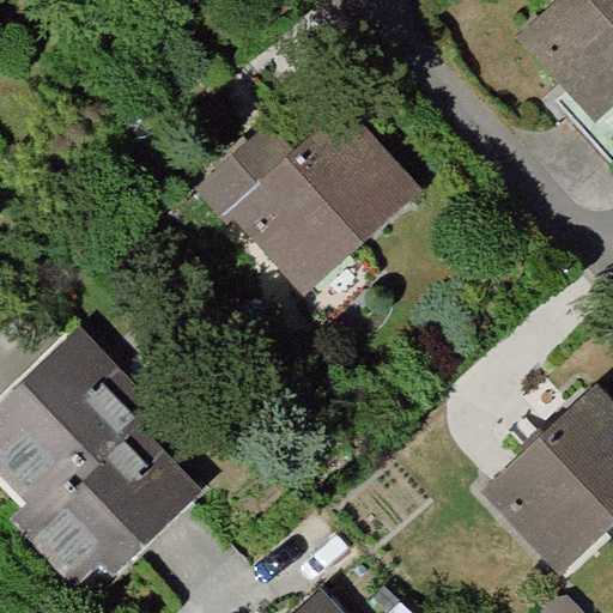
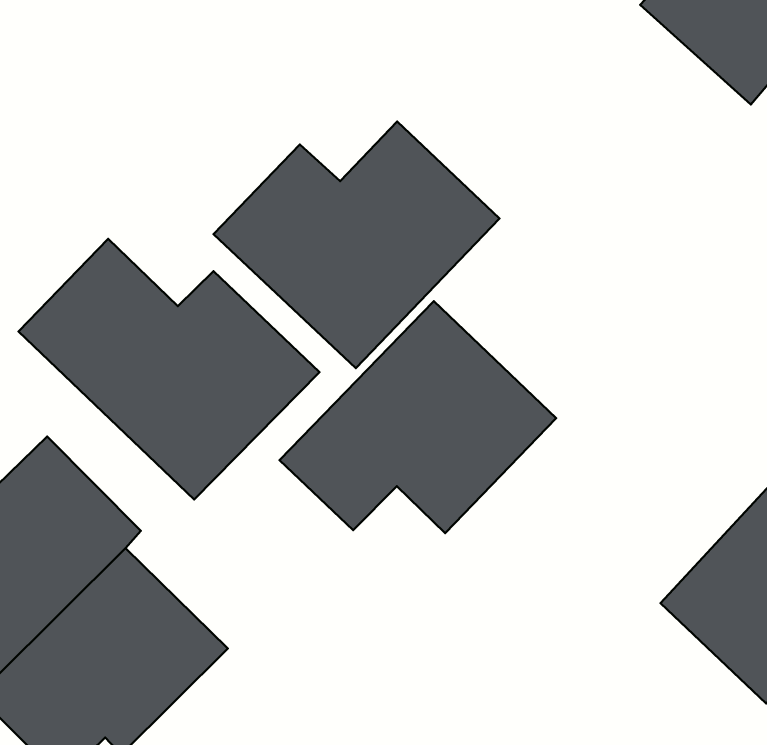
building: none -> [18,239,319,500]
building: none -> [279,301,556,533]

